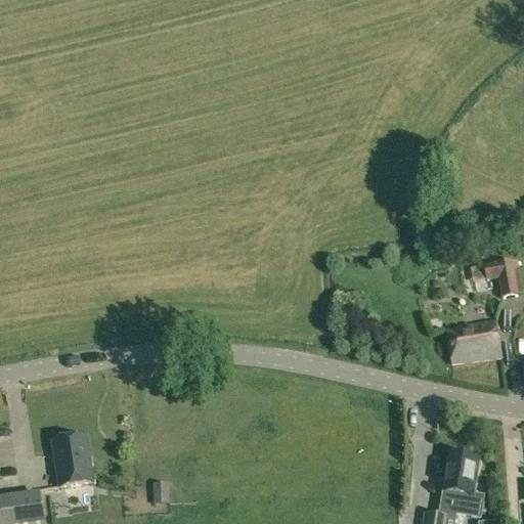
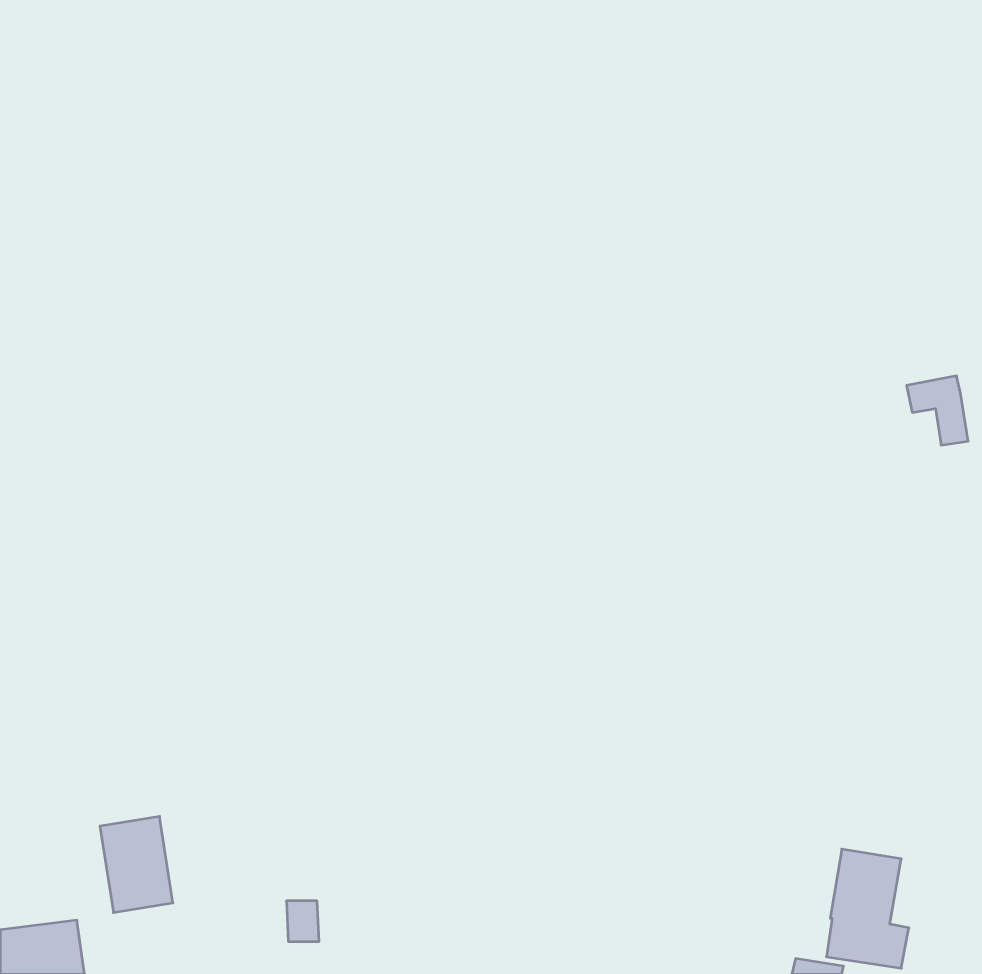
building: [484,259,517,296] -> [907,376,968,445]
building: [446,319,501,362] -> none

